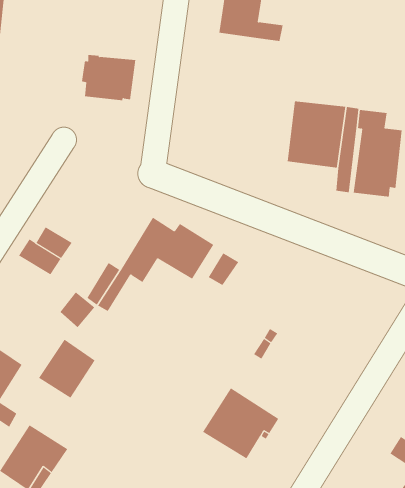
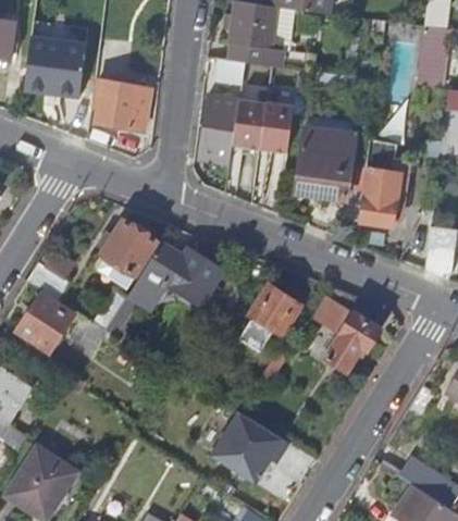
building: none -> [24,39,84,94]
building: none -> [201,94,294,158]
building: none -> [102,220,159,275]
building: none -> [250,287,301,339]
building: none -> [317,290,391,373]
building: [38,339,96,398] -> [18,295,76,355]

